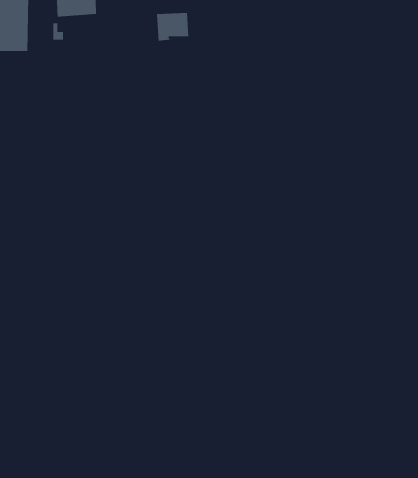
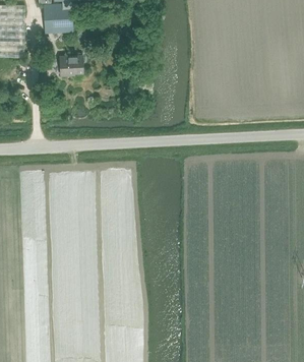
building: [156,12,189,41] -> [58,54,81,74]

